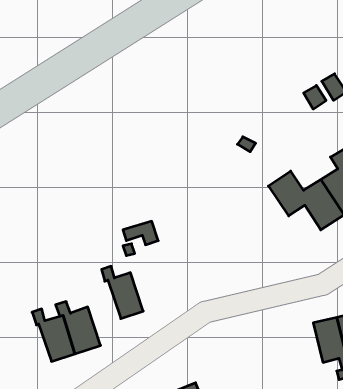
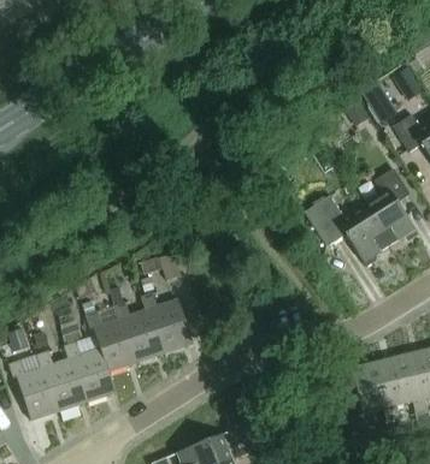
building: none -> [142,295,192,353]
building: none -> [87,313,139,370]
building: none -> [10,361,60,420]

